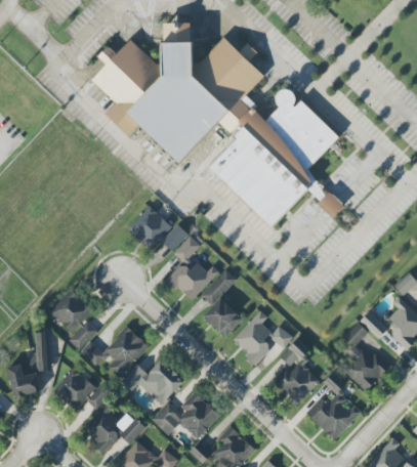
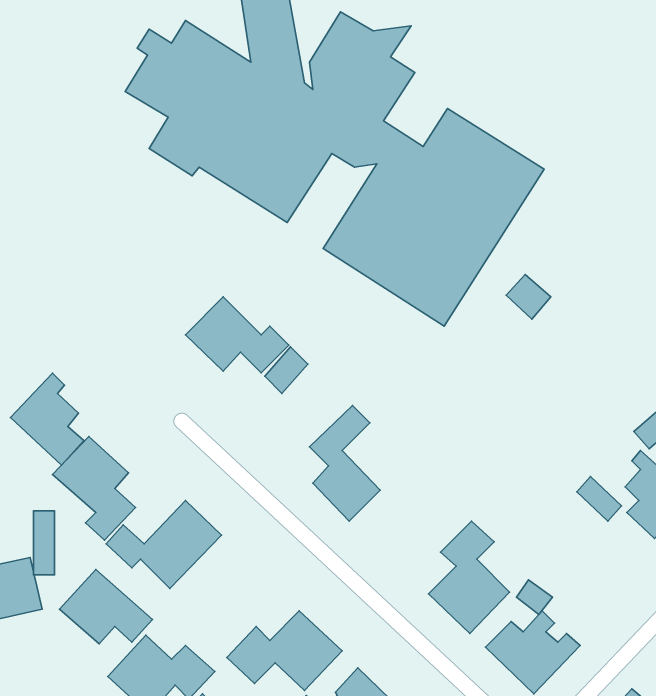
building: none -> [11,373,84,465]
building: [166,263,219,302] -> none
building: [232,310,293,364] -> none
building: [341,323,388,392] -> none
building: [120,360,183,406] -> none

